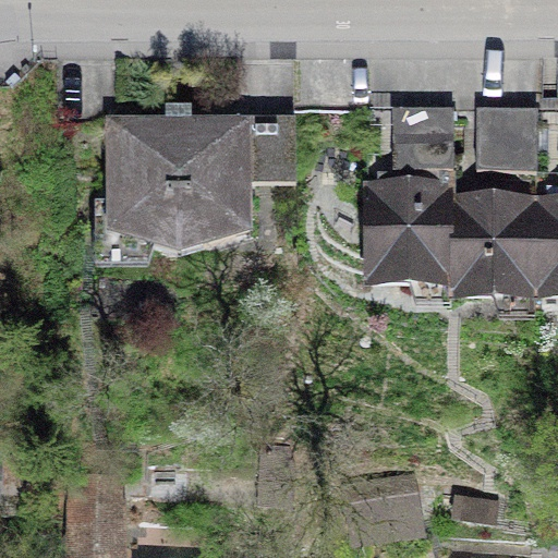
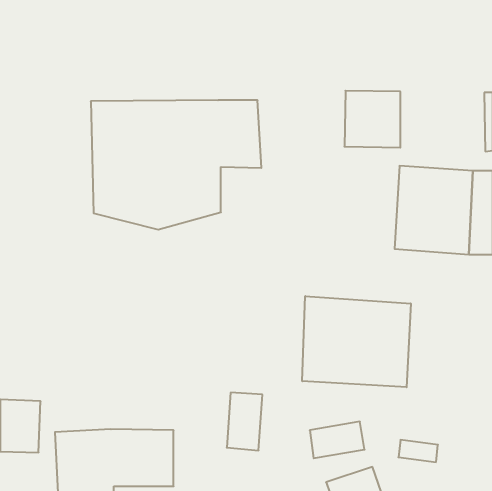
building: [475,106,536,171] -> none
building: [361,184,452,283] -> none
building: none -> [302,296,411,387]

